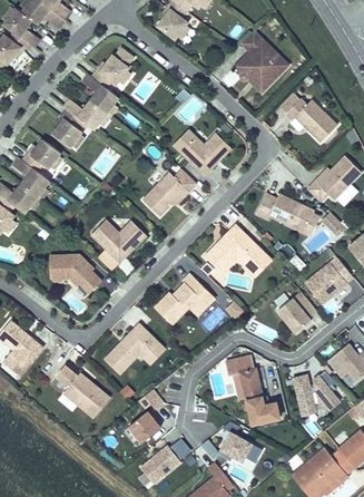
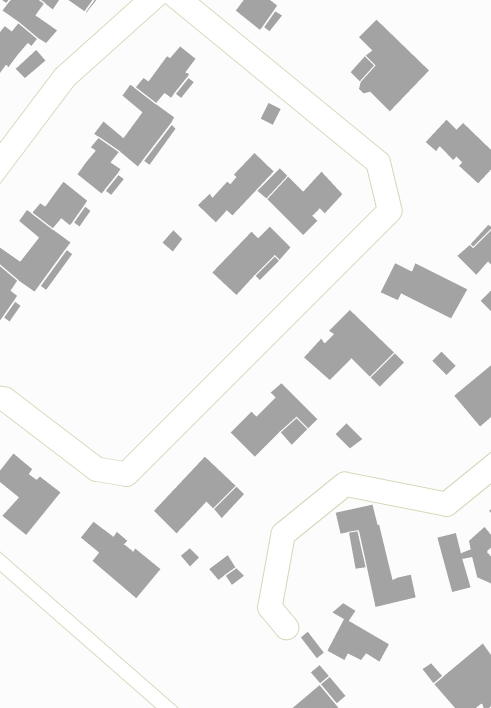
building: none -> [197,152,275,223]
building: [90,220,146,262] -> none
building: [48,254,101,293] -> none
building: [277,290,316,332] -> none
building: [129,410,160,441] -> none
building: [140,444,181,483] -> none

